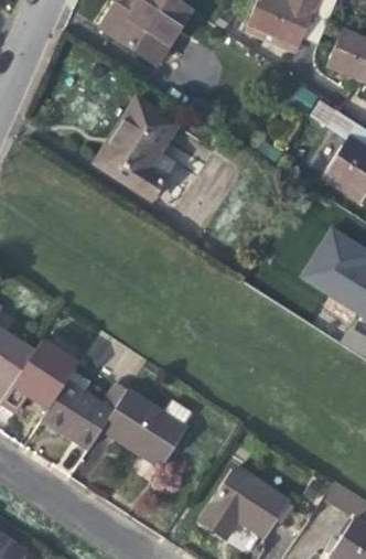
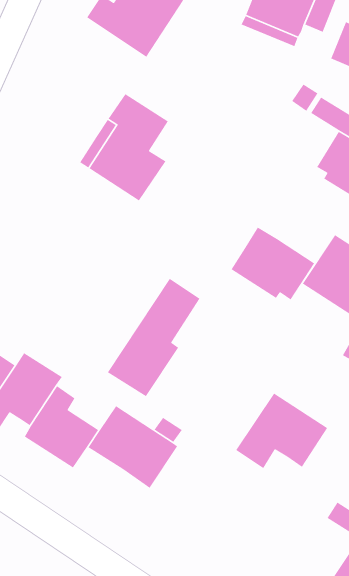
building: none -> [230,226,315,301]
building: none -> [107,278,200,397]
building: [200,466,287,538] -> [235,393,328,469]

